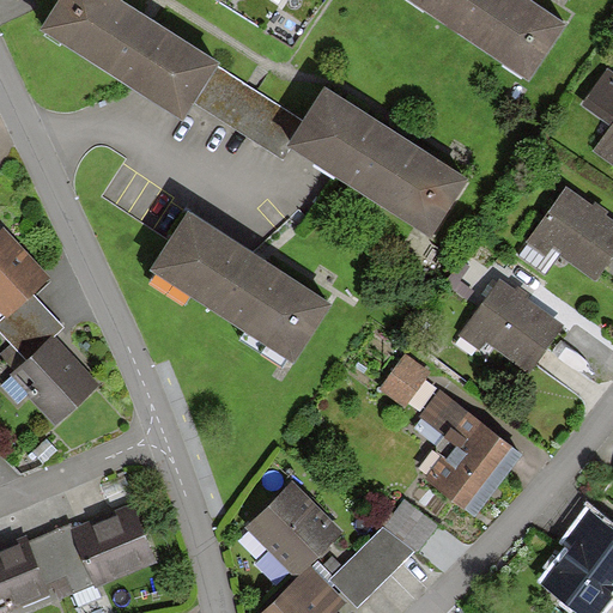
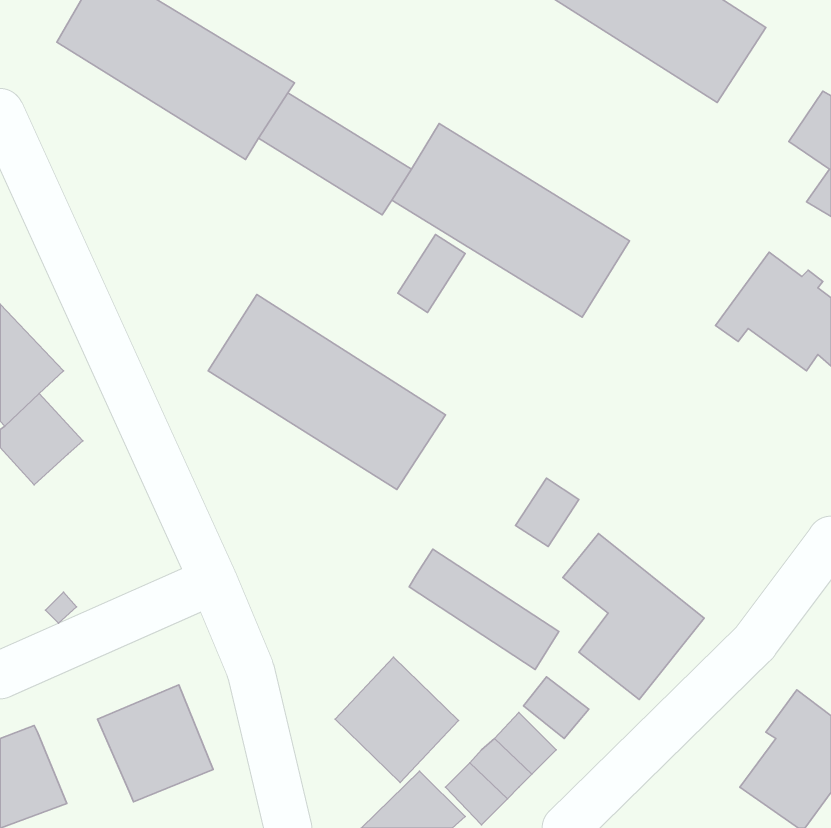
building: none -> [398,234,465,312]
building: [457,268,558,370] -> none
building: [8,334,95,420] -> none
building: none -> [409,549,559,669]
building: [28,522,96,602] -> none

